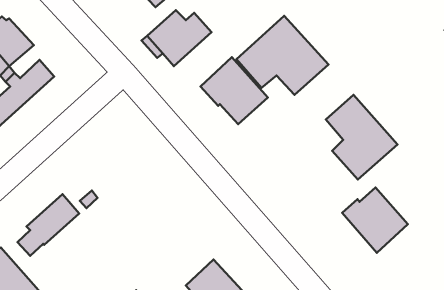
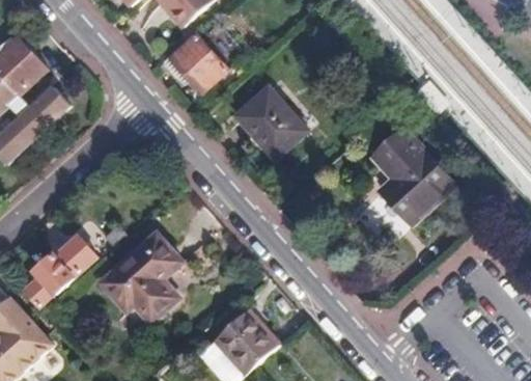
building: [236,16,328,95] -> none
building: [342,188,408,253] -> none
building: none -> [101,234,183,325]

